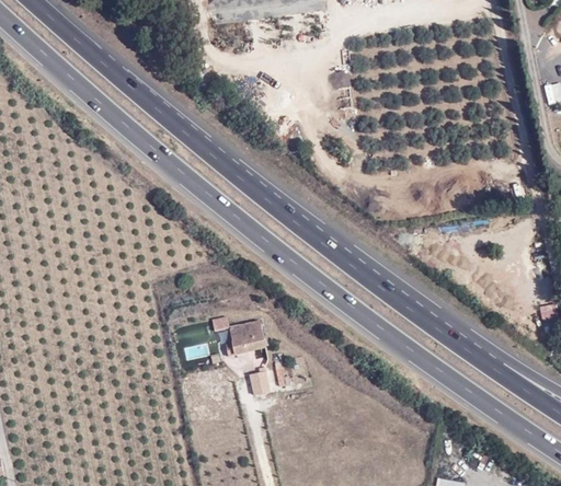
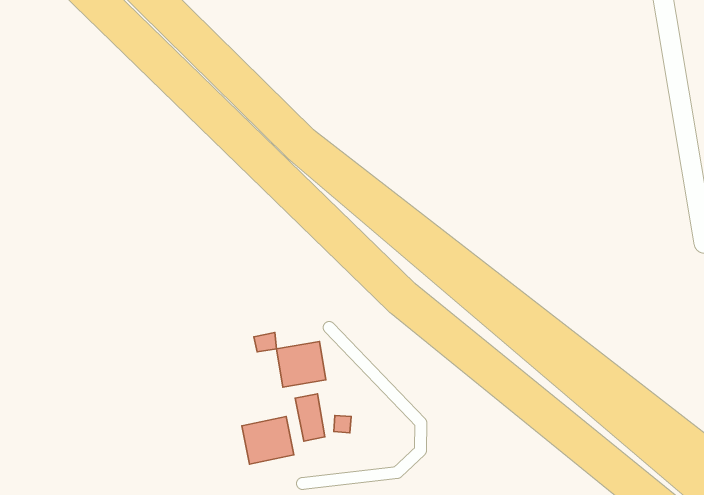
building: none -> [242,416,294,464]

